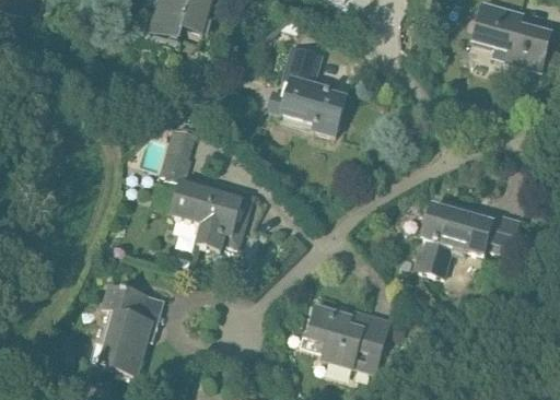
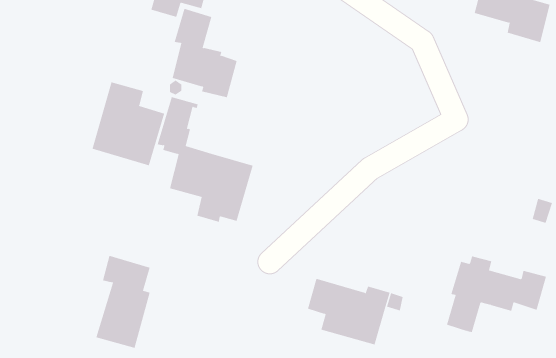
building: [280,45,346,134] -> [172,8,237,98]
building: none -> [92,81,165,166]
building: [418,198,518,274] -> [446,256,547,332]

